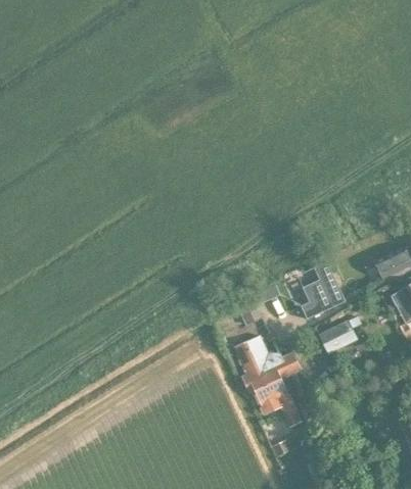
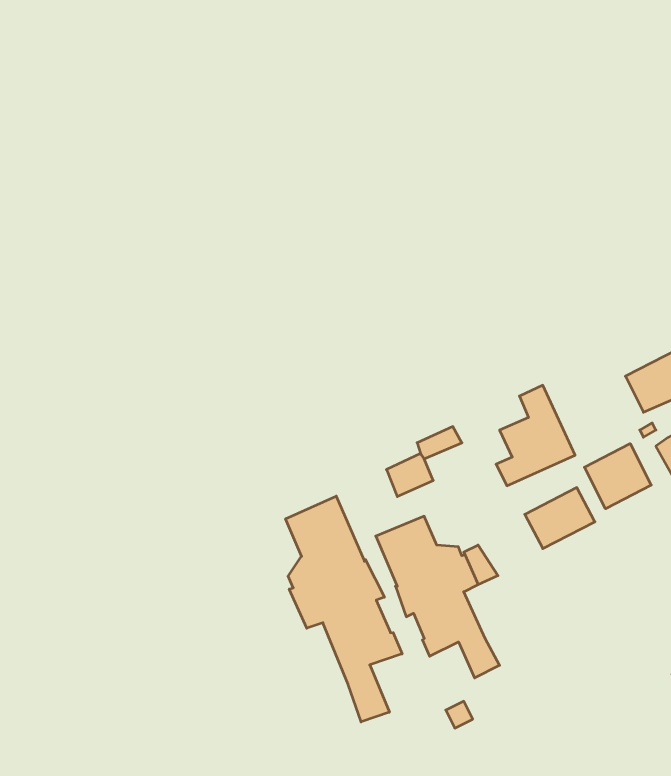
building: none -> [584,444,651,509]
building: none -> [286,496,402,722]

